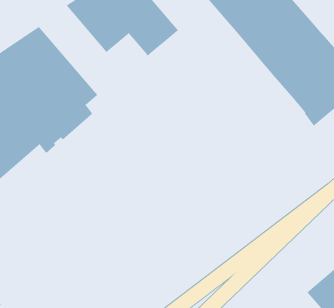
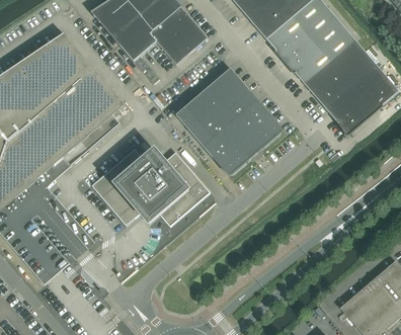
building: none -> [175,68,279,172]
building: none -> [91,149,210,226]

